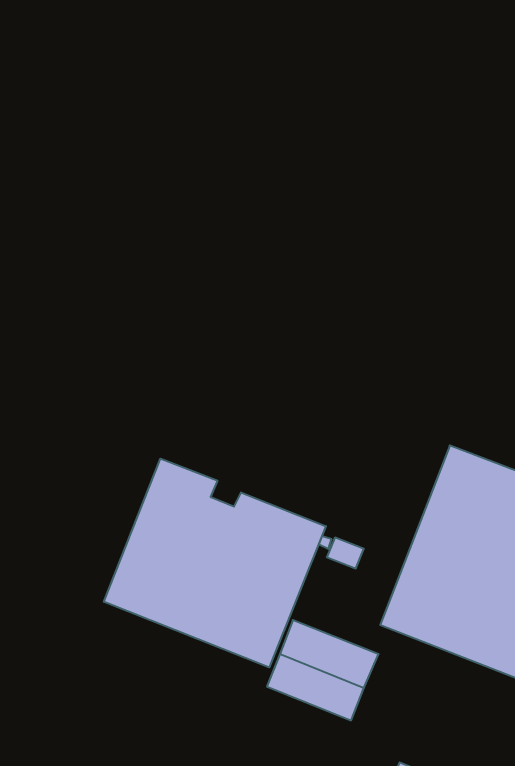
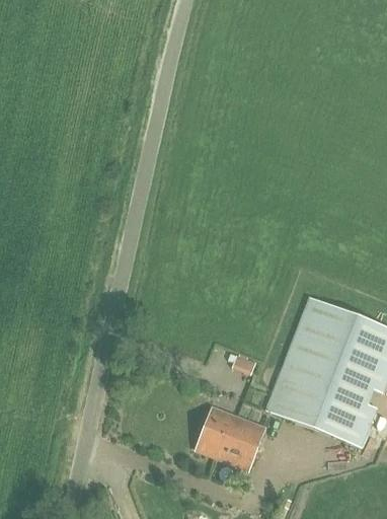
building: [104,459,326,667] -> none

